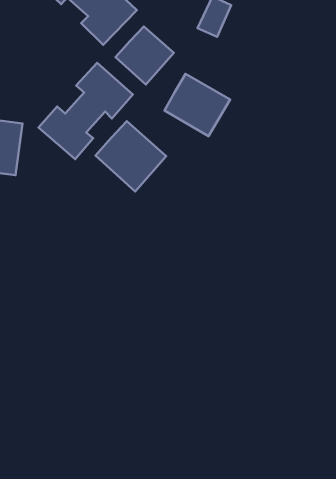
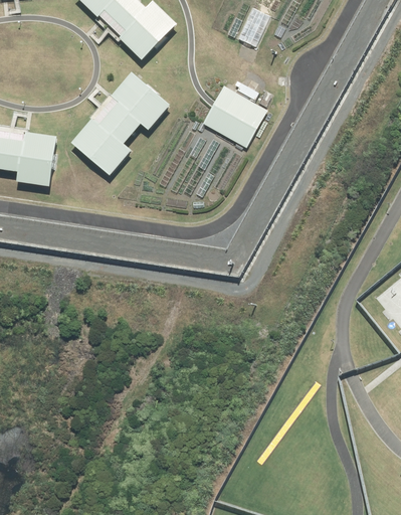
building: [116,26,174,85] -> none
building: [95,121,166,191] -> none

